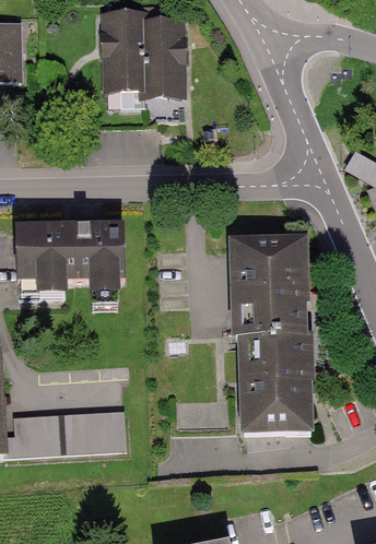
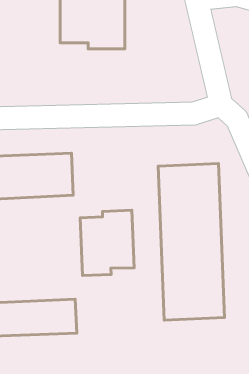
building: none -> [80,210,134,276]

